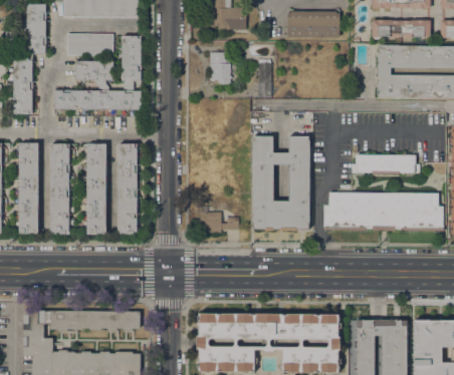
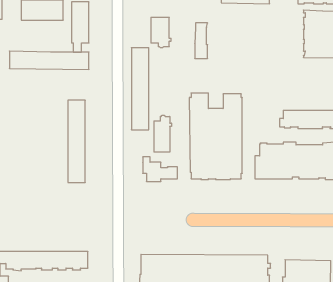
building: [75,60,114,90] -> none
building: [49,143,69,234] -> none
building: [86,143,105,234] -> [131,48,149,130]
building: none -> [154,115,171,152]

